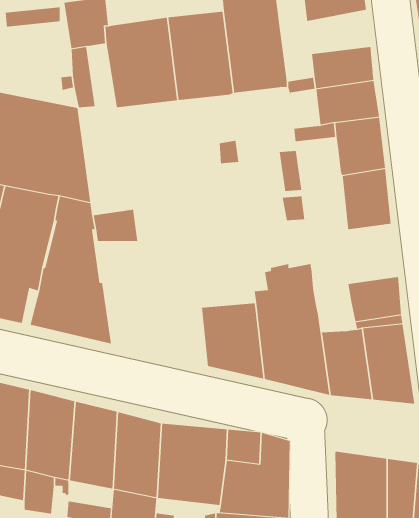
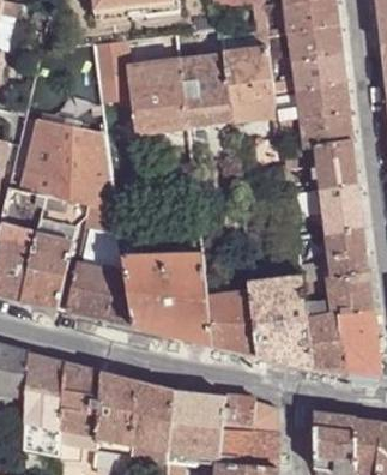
building: none -> [291,52,344,88]
building: none -> [296,227,367,279]
building: none -> [121,254,210,343]

